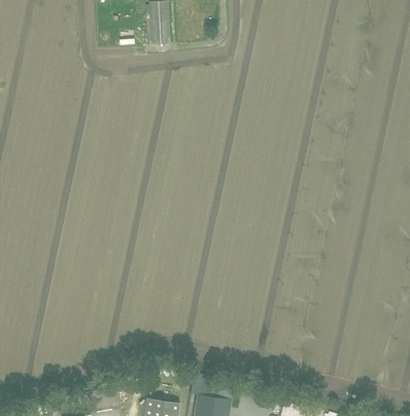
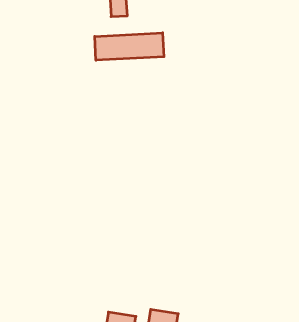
building: none -> [95,33,164,60]

